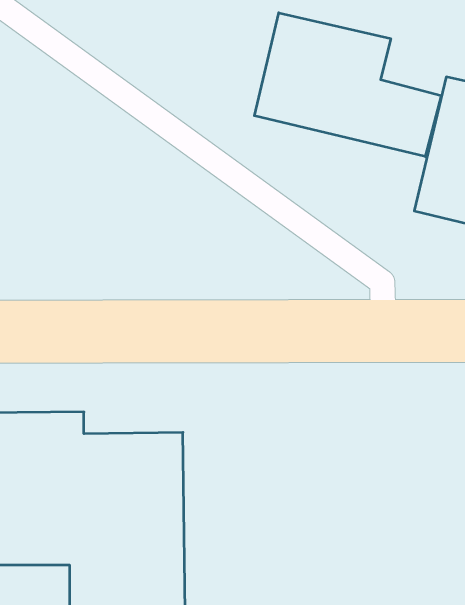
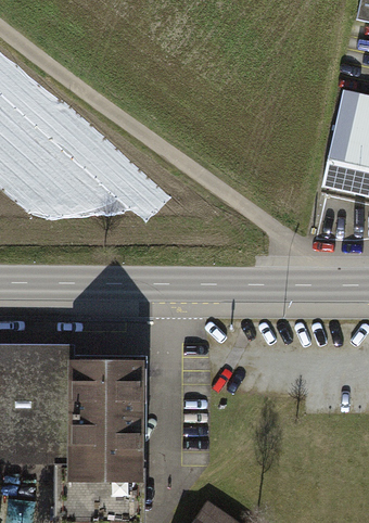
building: [254,13,441,157] -> none

